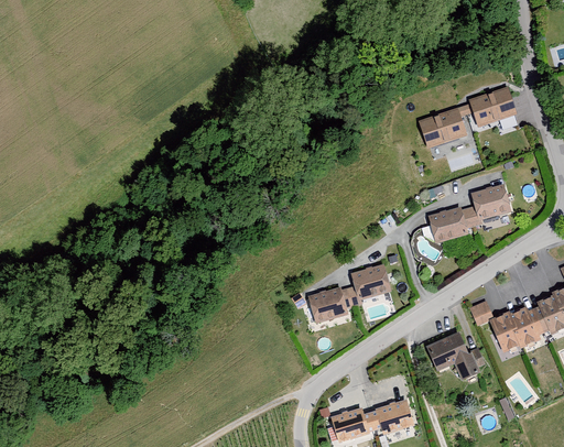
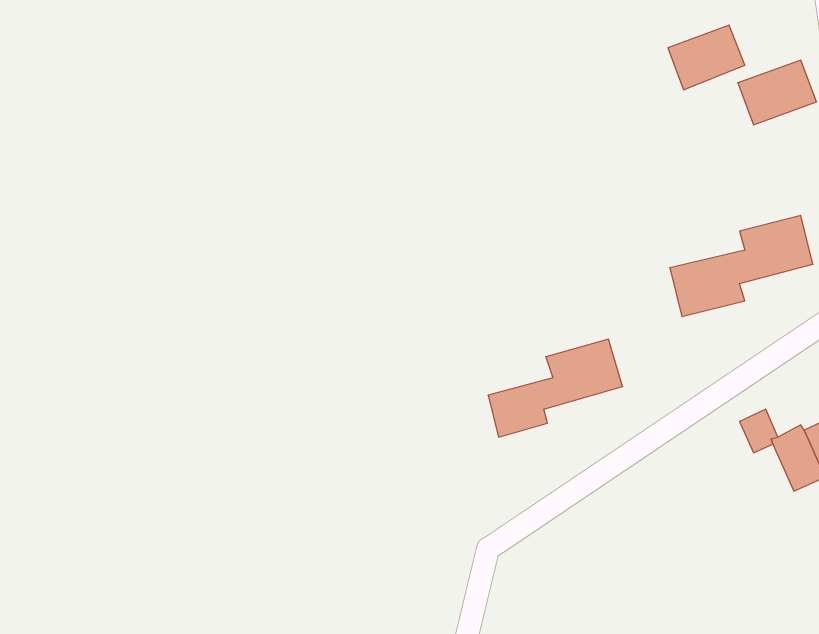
building: [419,103,467,144] -> [668,25,745,90]
building: [424,335,479,384] -> none
building: [332,401,413,439] -> none

